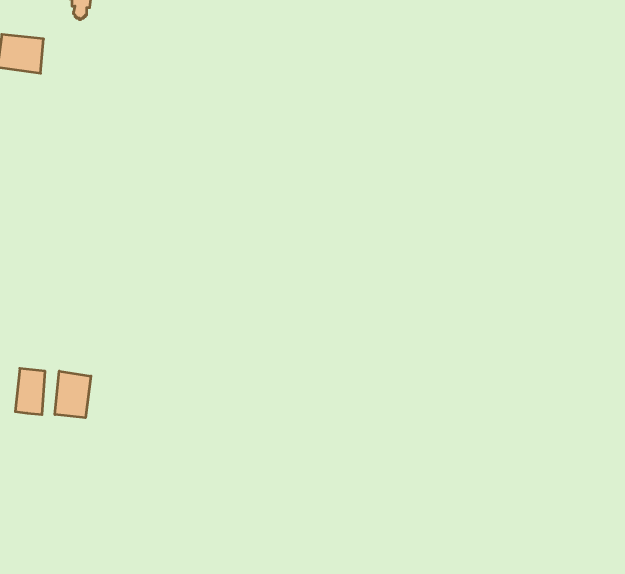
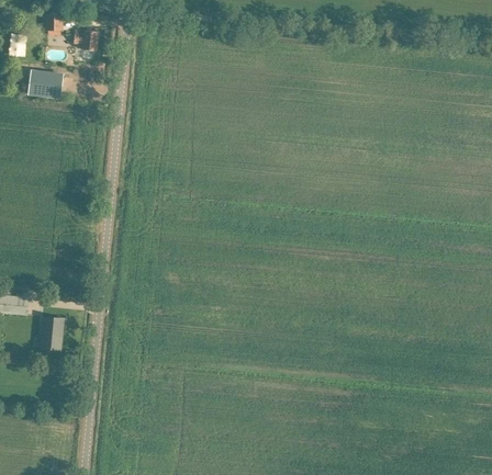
building: [55,371,91,418] -> none

